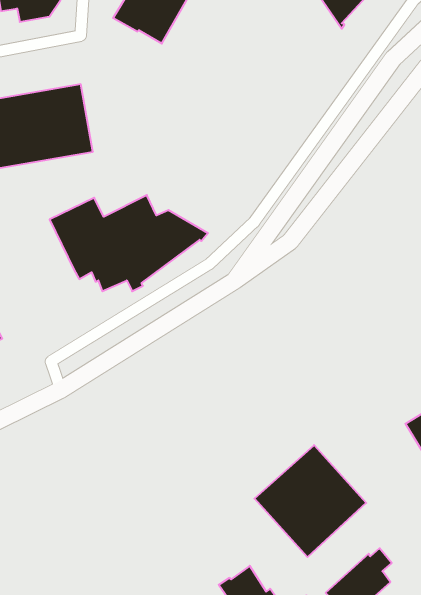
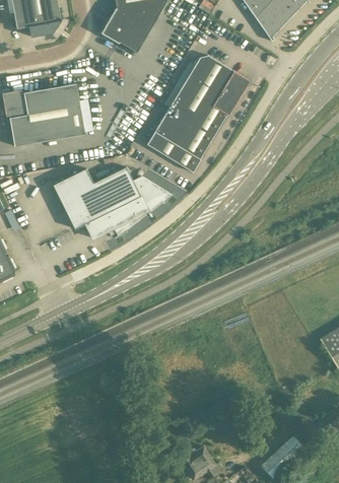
building: none -> [145,55,249,172]
building: [254,445,366,557] -> none

